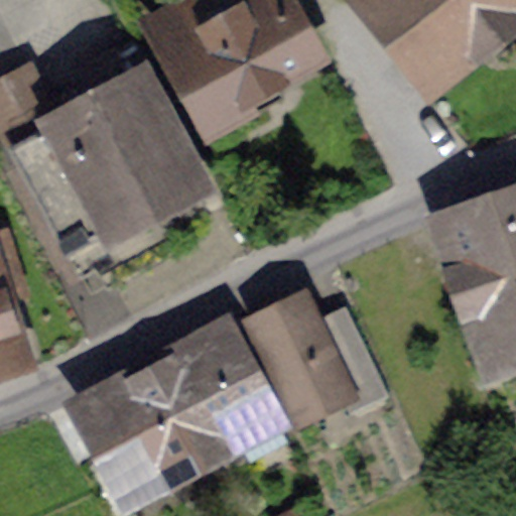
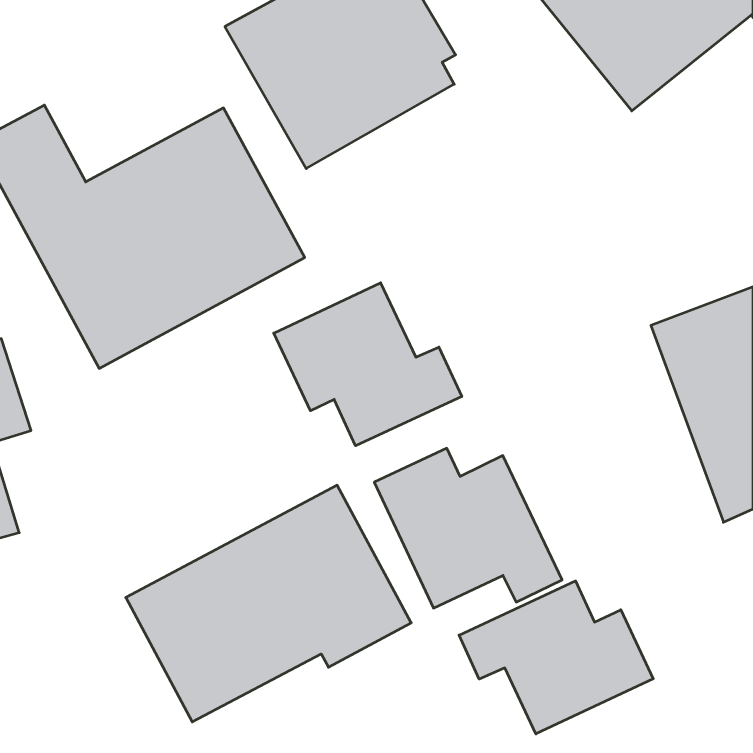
building: none -> [274,283,462,446]
building: none -> [459,581,653,734]

